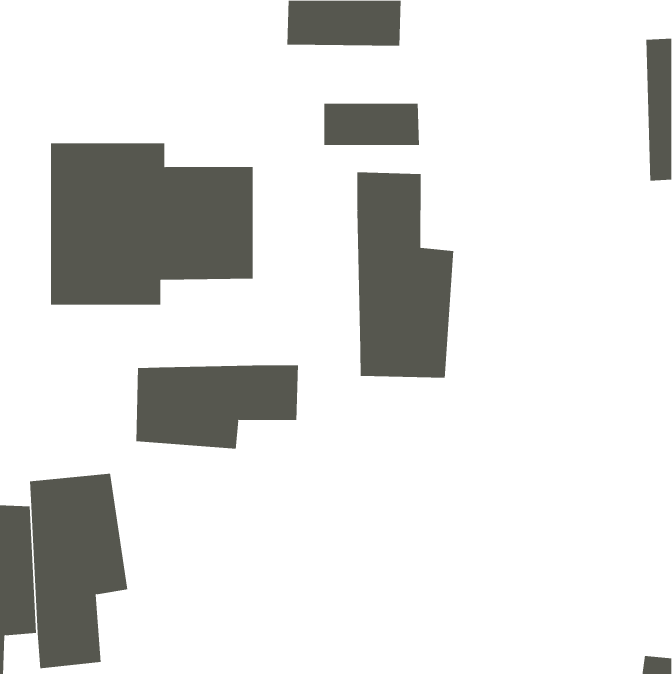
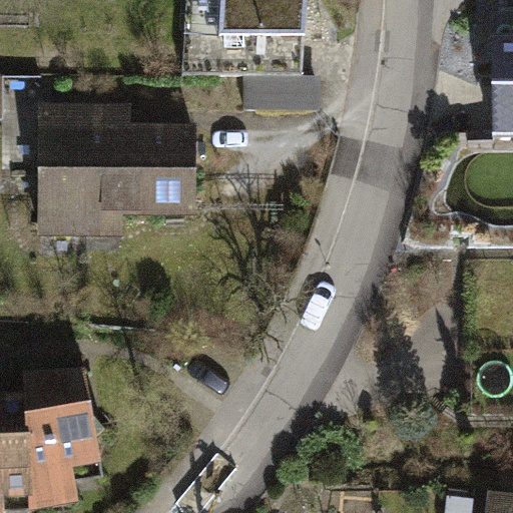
building: [357,171,454,379] -> none
building: [136,364,298,450] -> none

